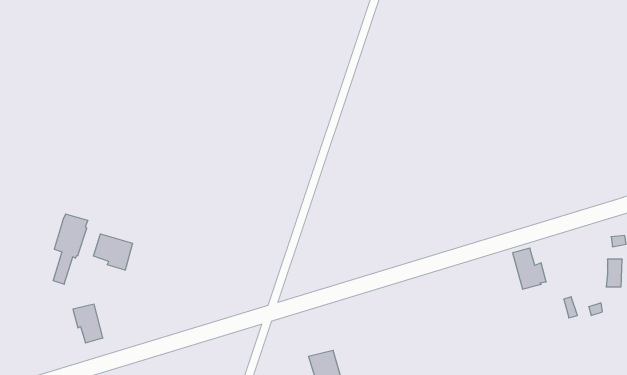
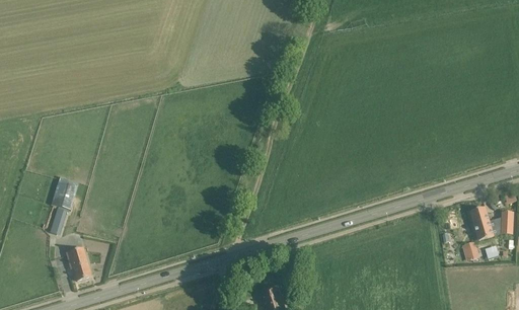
building: [93,234,132,270] -> none
building: [513,248,546,289] -> [469,206,497,239]

